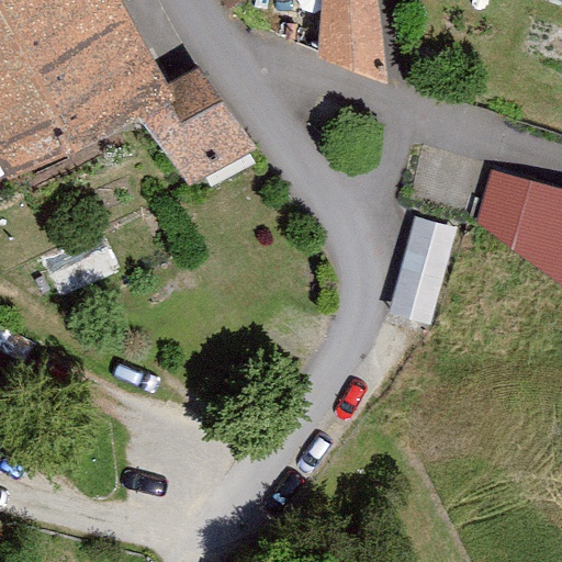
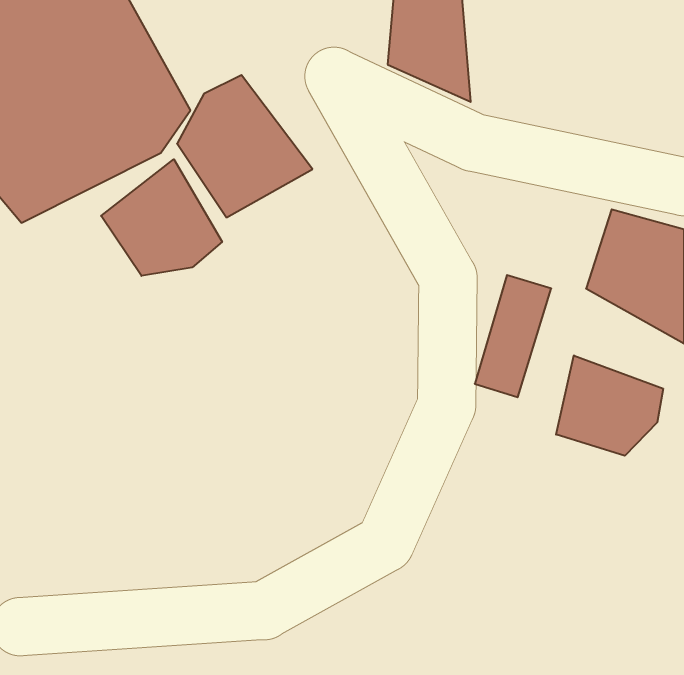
building: none -> [101,159,222,276]
building: none -> [556,355,663,456]

